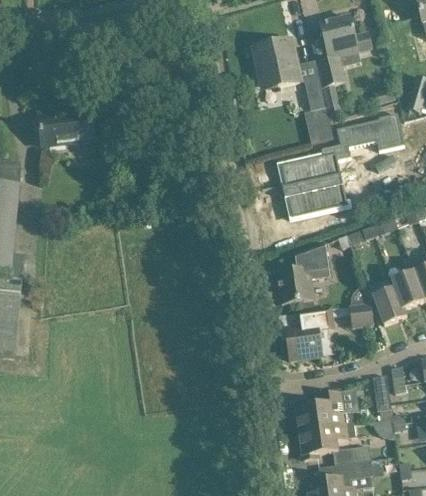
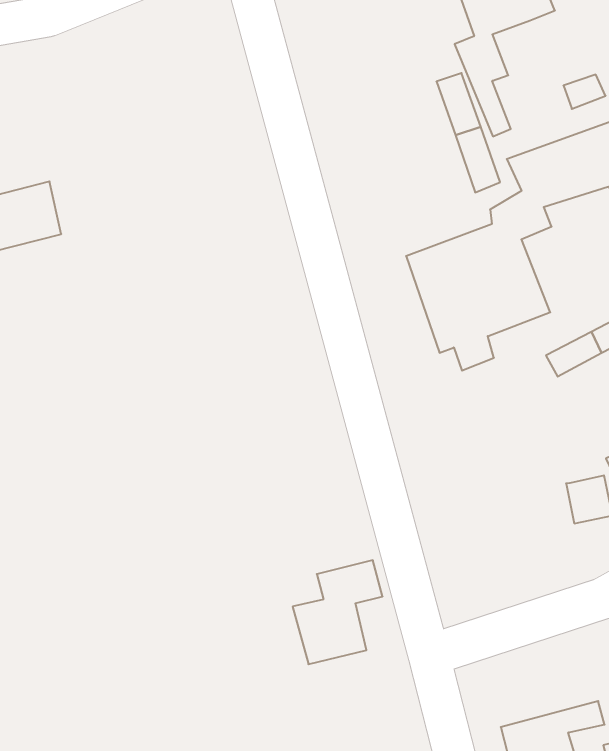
building: [254,38,298,86] -> none
building: [277,241,329,303] -> none
building: [284,307,333,359] -> [293,560,383,664]
building: [295,390,353,430] -> none

